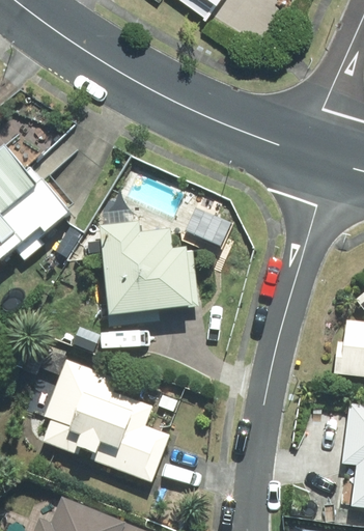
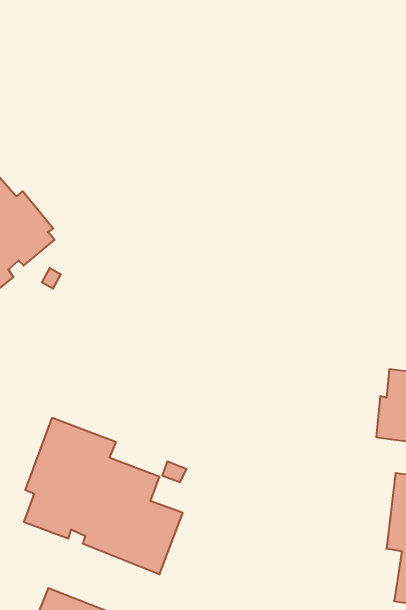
building: [103,221,199,327] -> none

